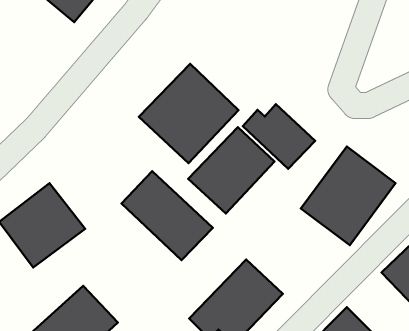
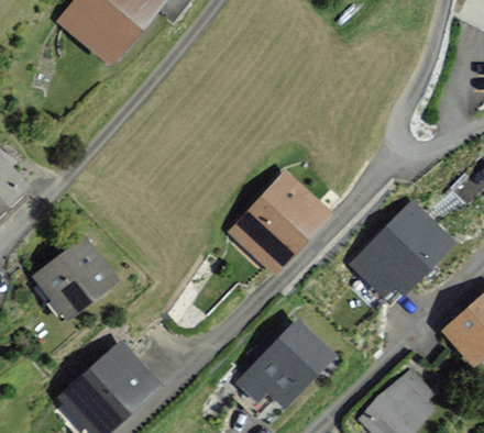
building: [139,64,239,163] -> none
building: [243,104,315,169] -> none
building: [122,171,213,260] -> none

